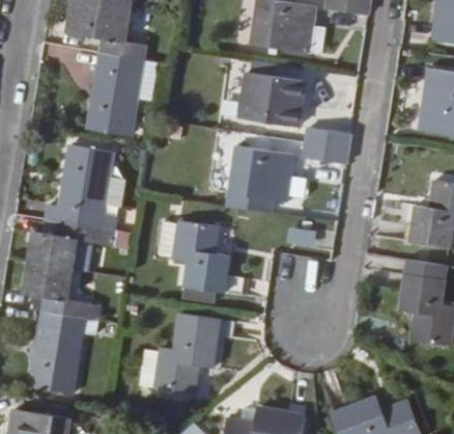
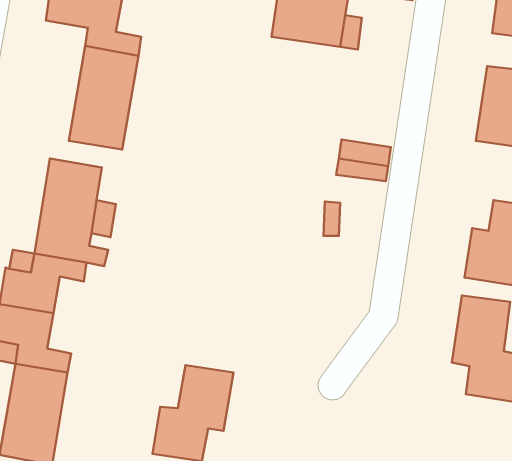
building: [239,72,304,128] -> none
building: [229,146,293,201] -> none
building: [159,222,229,294] -> none

